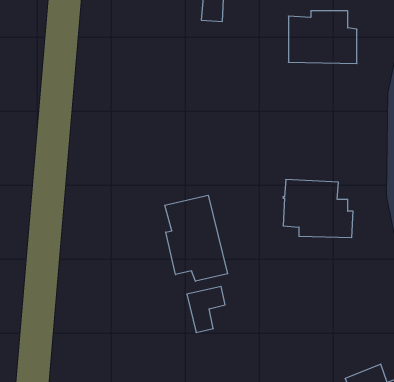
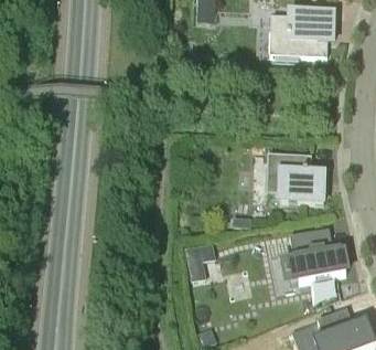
building: [165,195,228,281] -> none
building: none -> [284,229,346,285]

